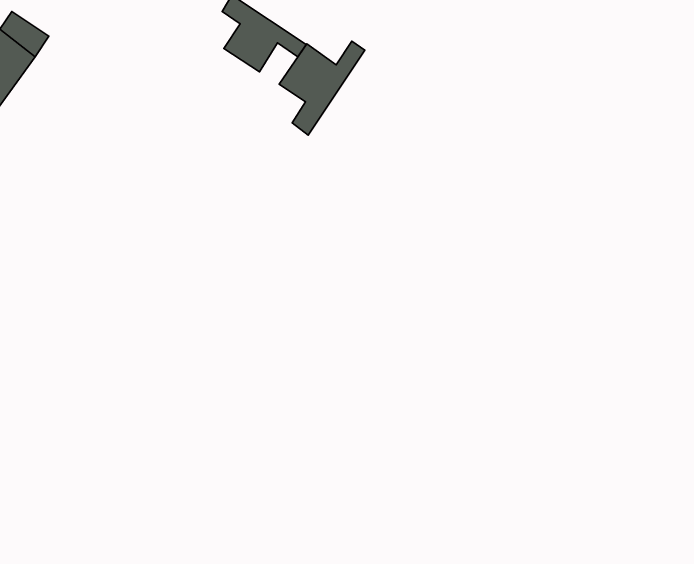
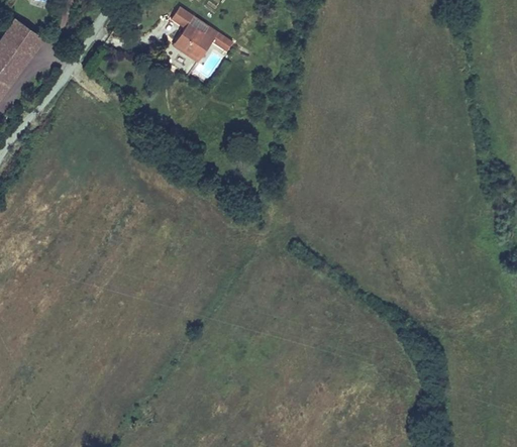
building: [279,41,365,135] -> none

